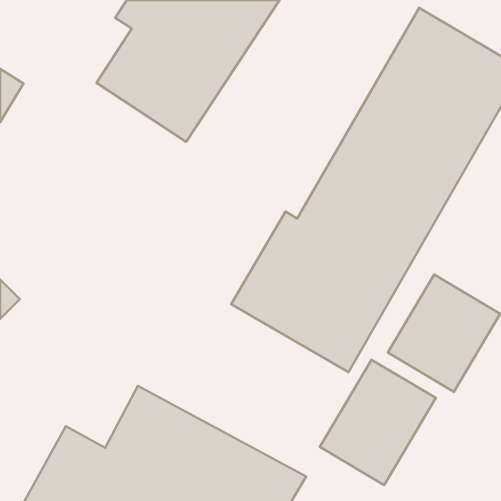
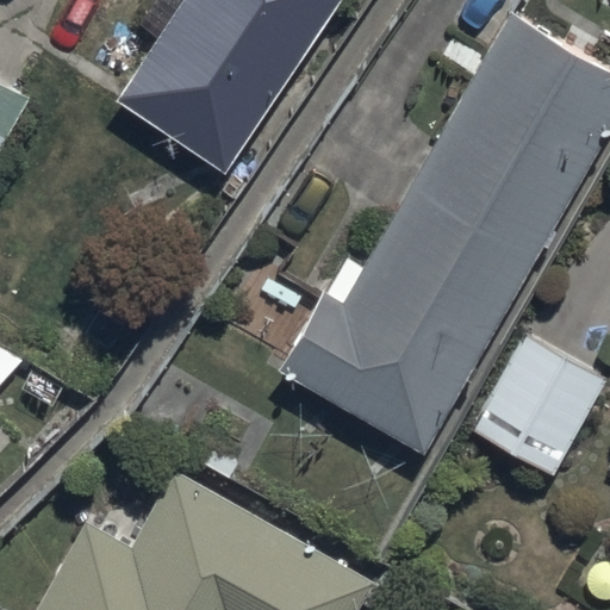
building: [320,360,436,485] -> none

